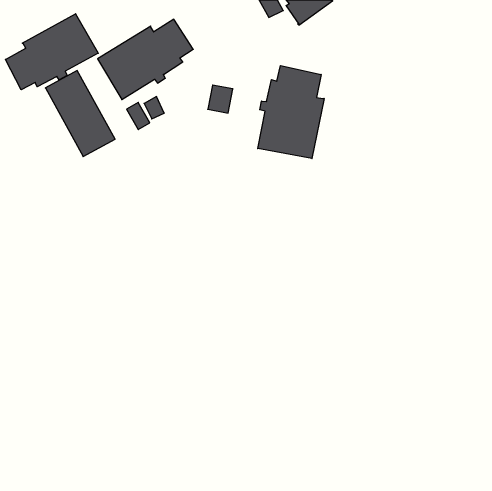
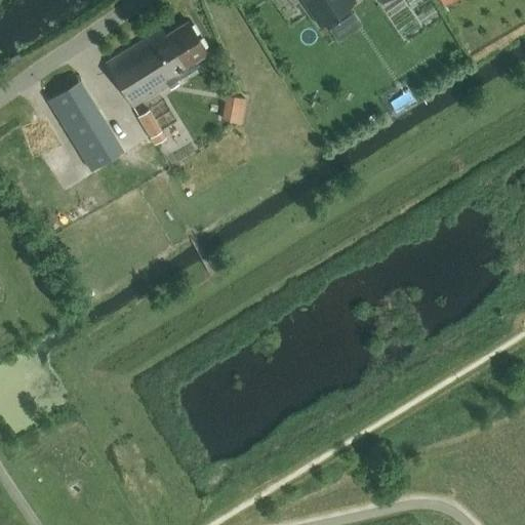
building: [5,14,98,90] -> none
building: [258,66,324,159] -> none

